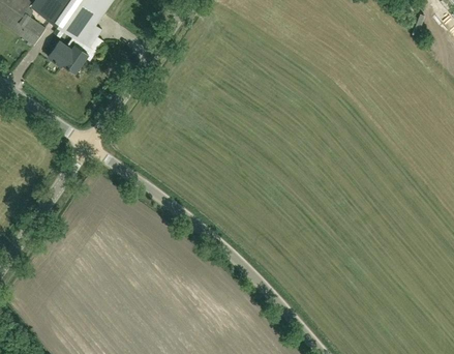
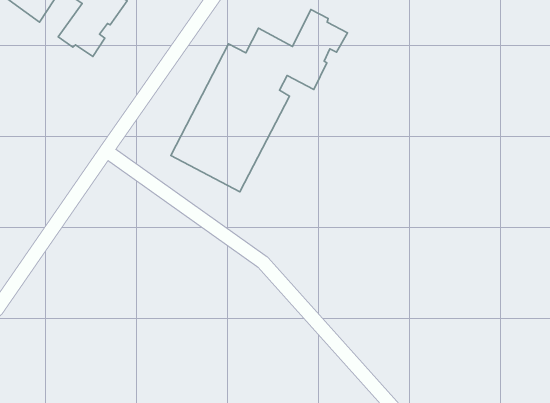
building: none -> [171,10,347,192]

